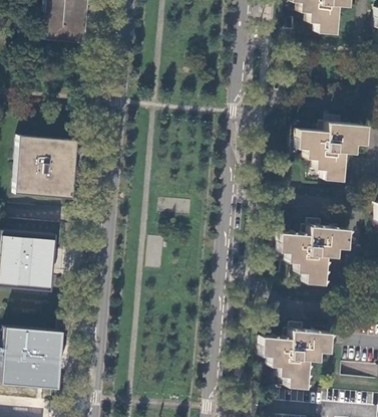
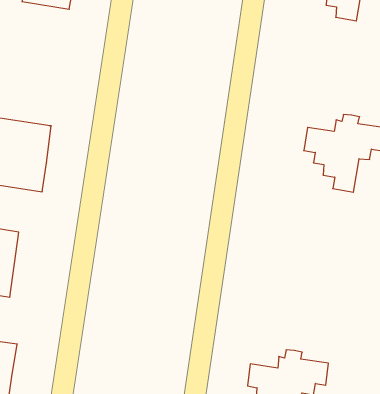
building: [277,218,346,285] -> none

